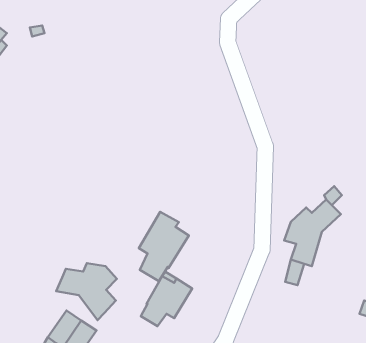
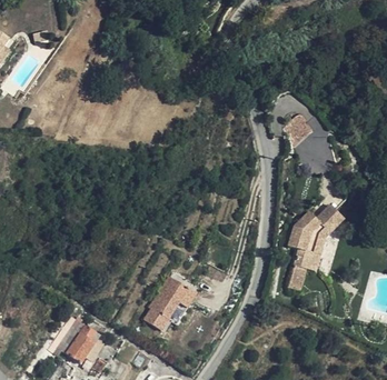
building: [139,212,189,281] -> none
building: [56,263,117,320] -> none

